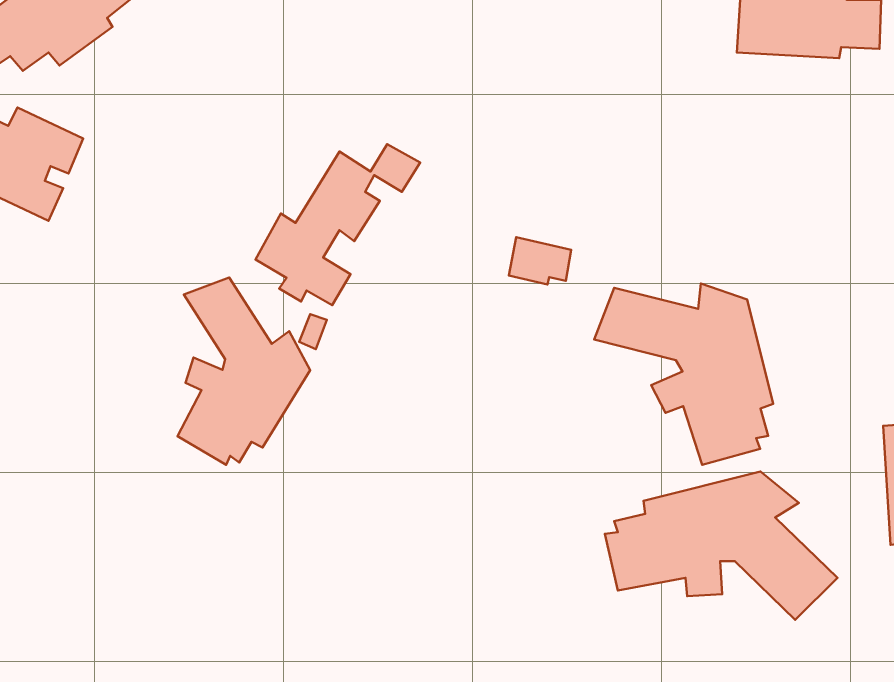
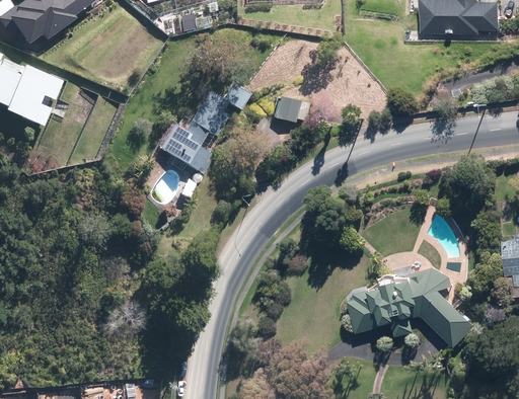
building: [509,237,571,285] -> [274,96,308,123]
building: [178,277,310,465] -> none
building: [594,284,773,465] -> none

